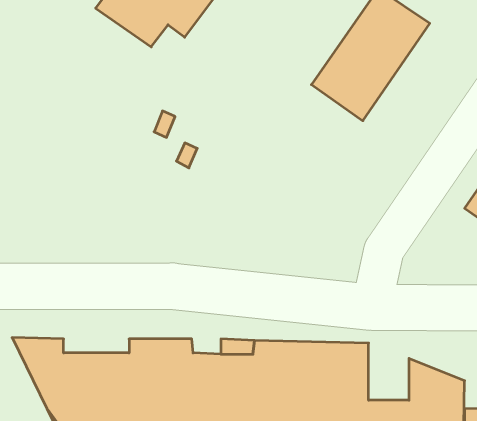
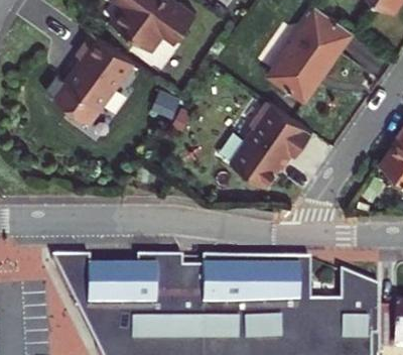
building: none -> [46,31,134,123]
building: none -> [229,101,311,188]

